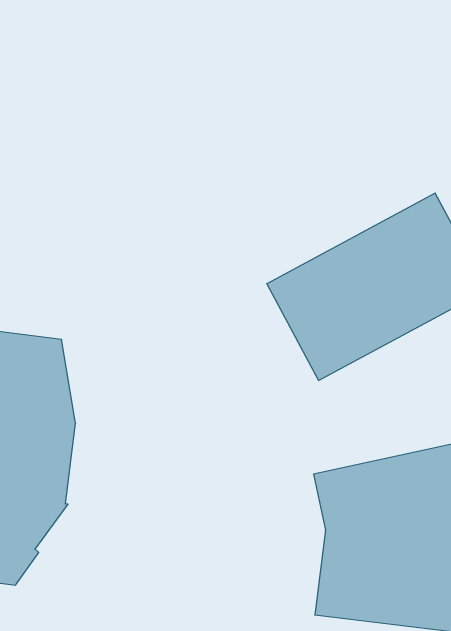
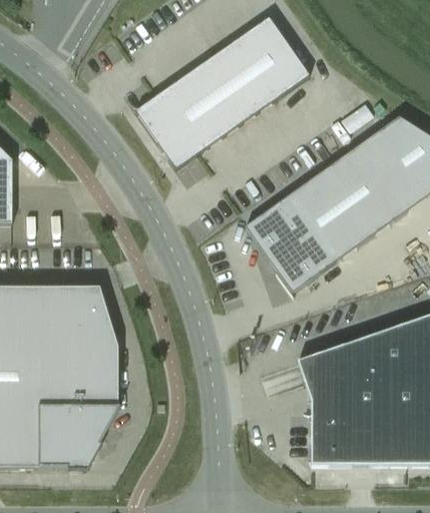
building: none -> [134,16,309,167]

